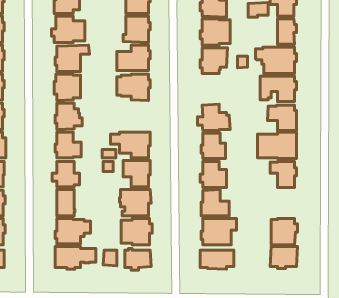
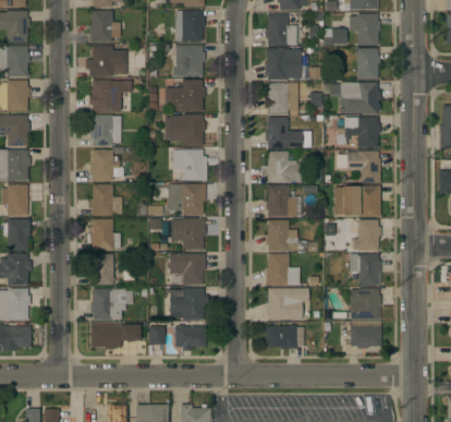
building: none -> [265,117,301,147]
building: none -> [173,149,206,180]
building: none -> [350,254,380,285]

